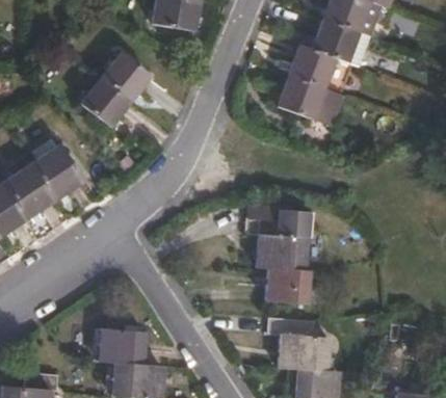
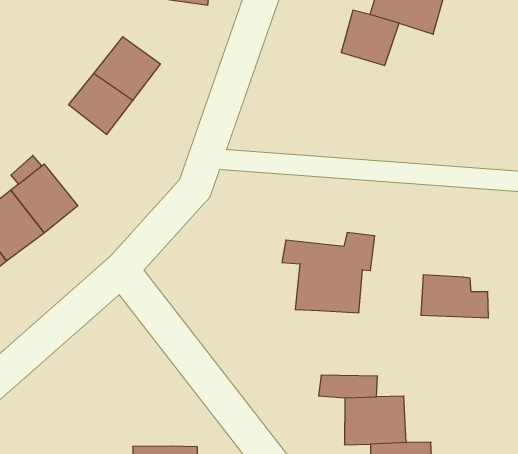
building: [281,76,346,128] -> none
building: [257,269,309,306] -> [421,275,488,318]
building: [97,328,143,363] -> none

